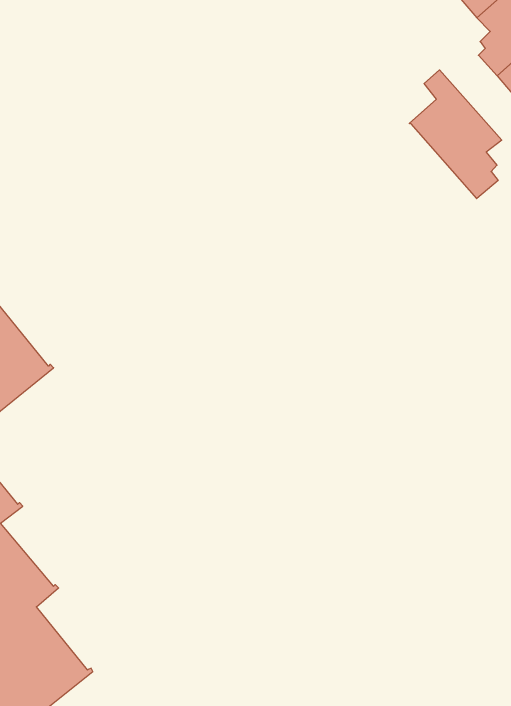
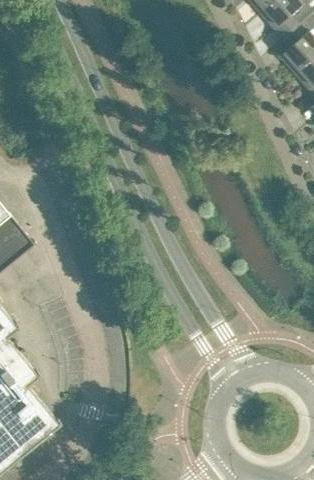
building: [409,70,502,199] -> none

